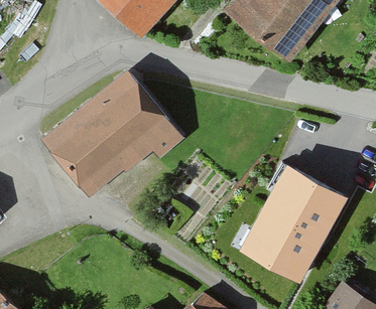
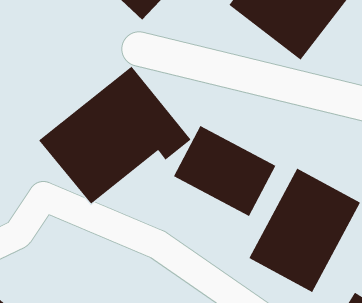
building: none -> [173,125,276,217]

